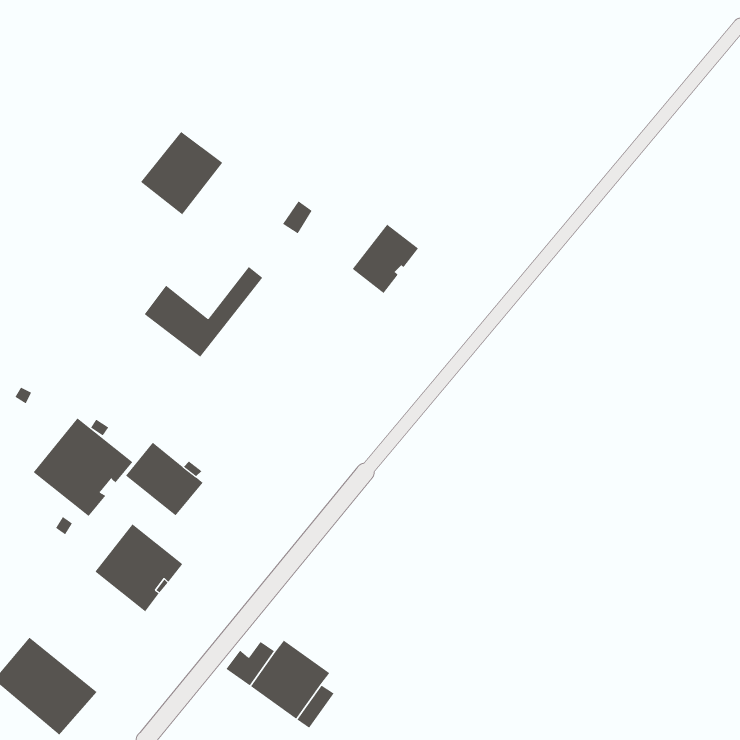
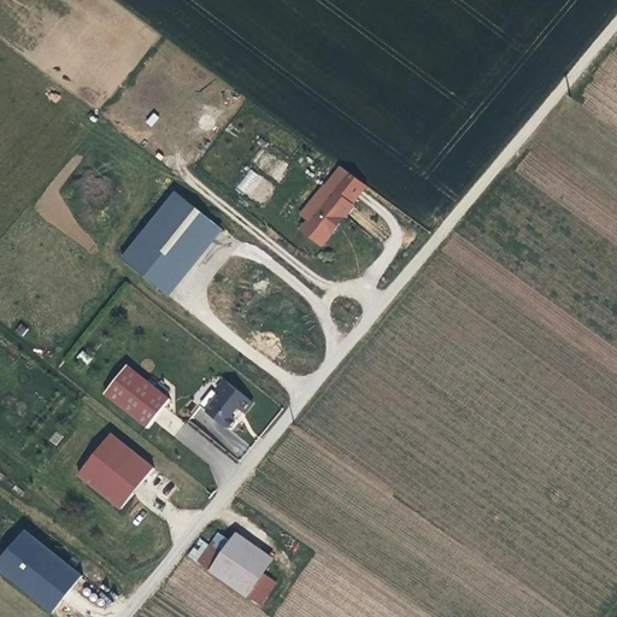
building: [140,131,223,215] -> [137,194,206,264]
building: none -> [321,165,362,205]
building: [33,417,133,517] -> none
building: none -> [205,378,248,428]

